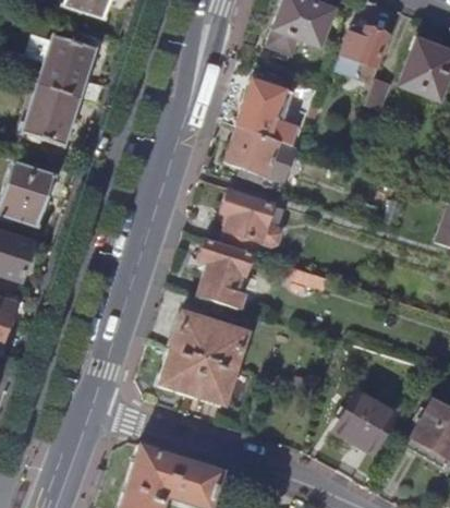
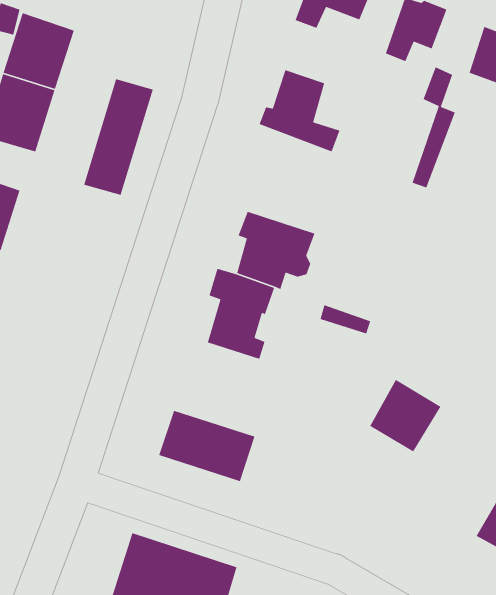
building: none -> [83,78,154,196]
building: [227,124,296,188] -> none
building: [172,312,248,368] -> none
building: [339,392,396,450] -> [369,379,441,452]

